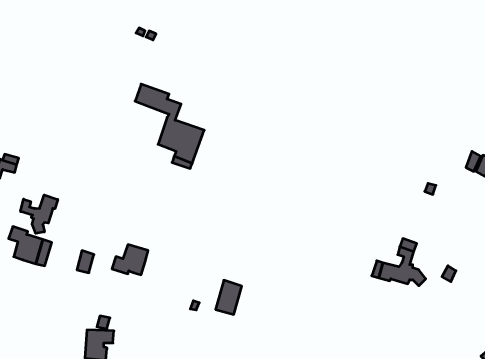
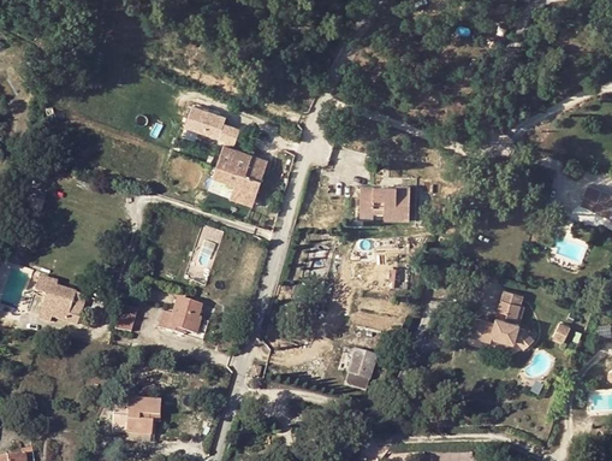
building: none -> [360,185,410,220]
building: [21,195,58,233] -> none
building: [216,280,242,314] -> [344,349,375,390]

